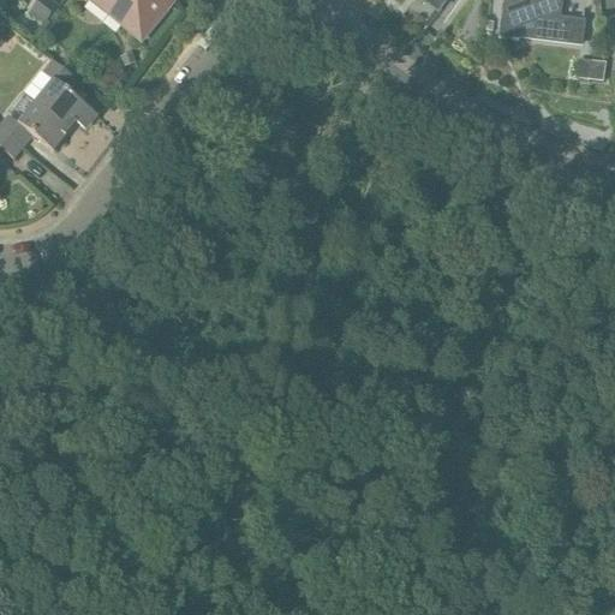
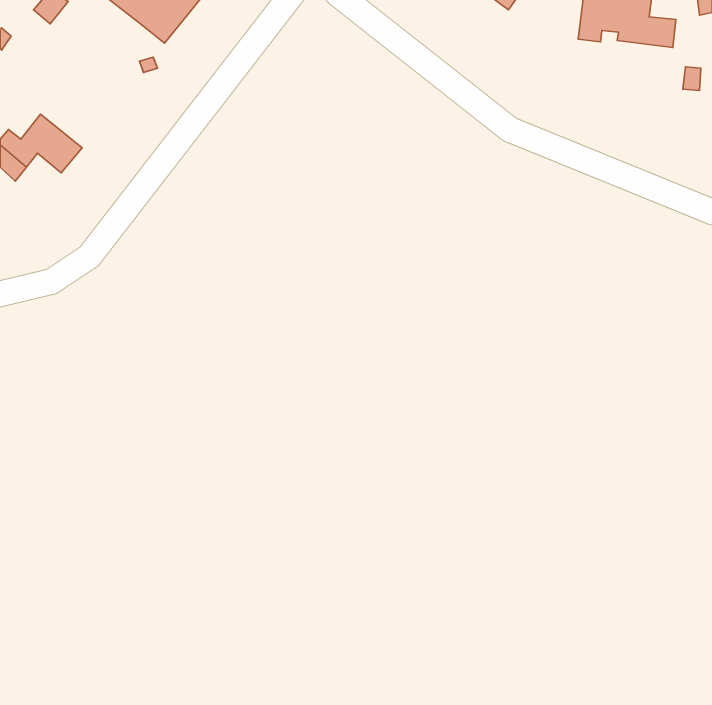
building: [35,56,89,127] -> none

